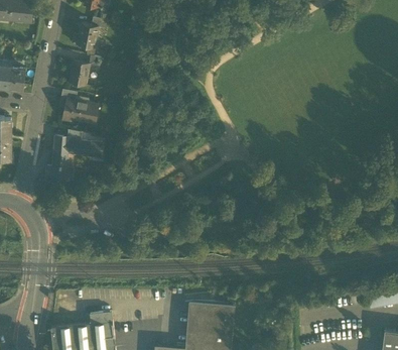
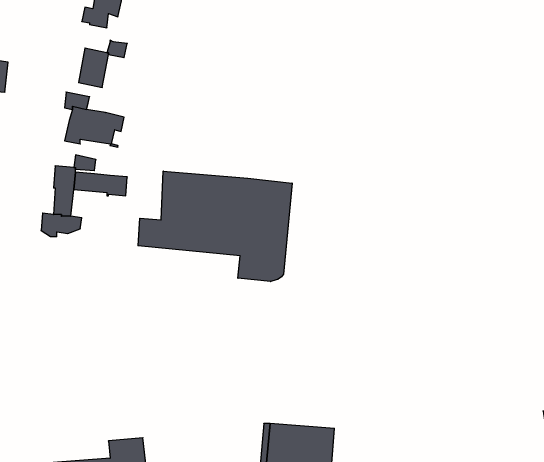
building: none -> [138,171,292,282]

